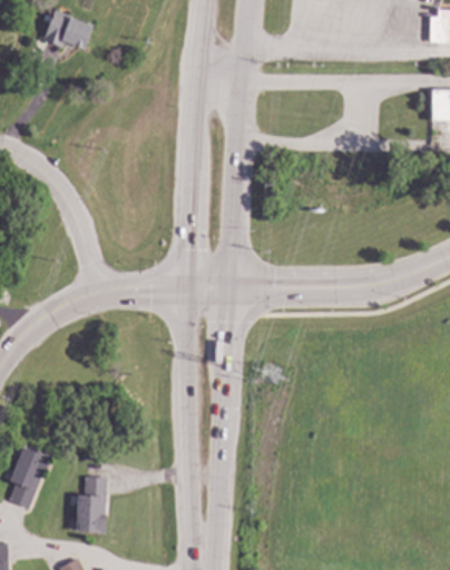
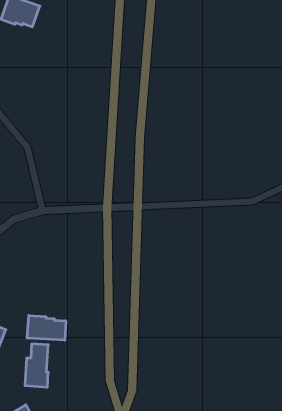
building: none -> [27,315,66,340]

